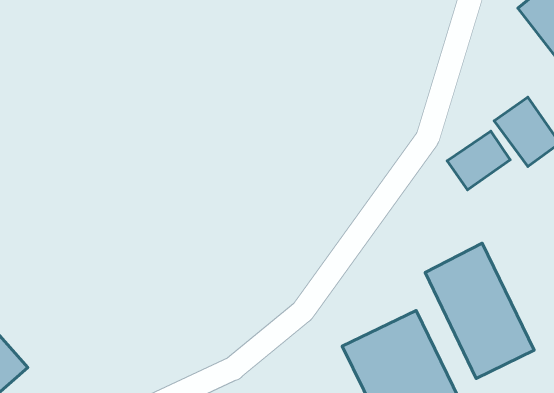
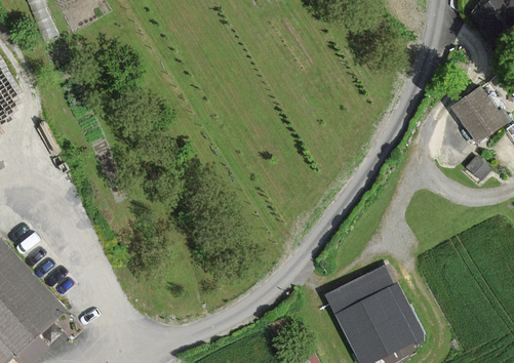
building: [447,131,510,190] -> none
building: [425,243,534,379] -> none

